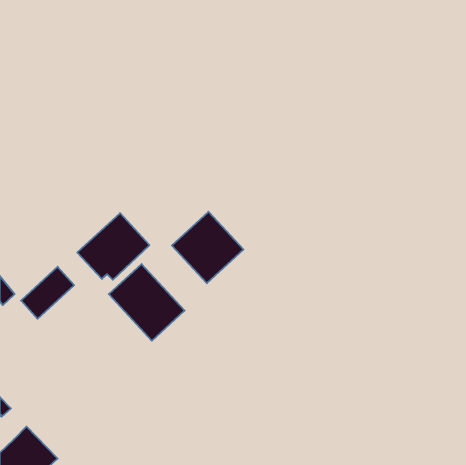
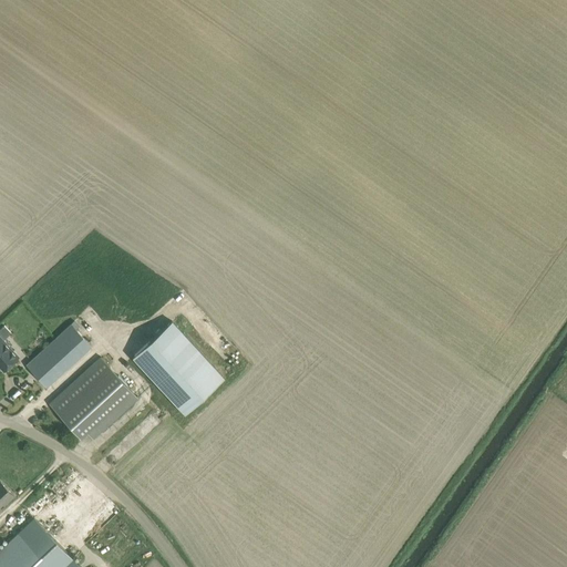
building: [172,212,243,283] -> none
building: [77,213,149,280] -> [49,359,136,440]

